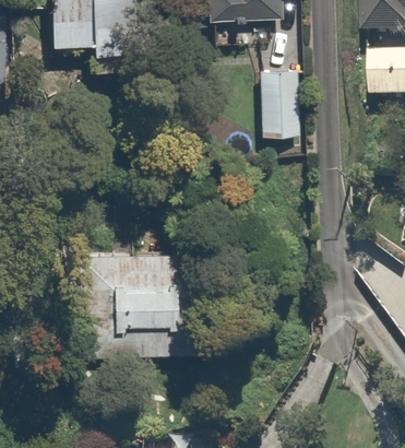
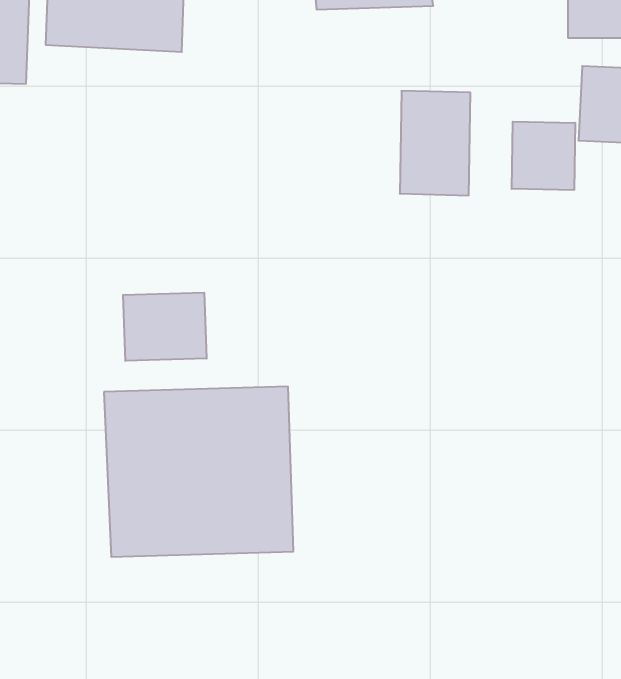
building: none -> [512,122,575,190]
building: none -> [123,293,207,361]

